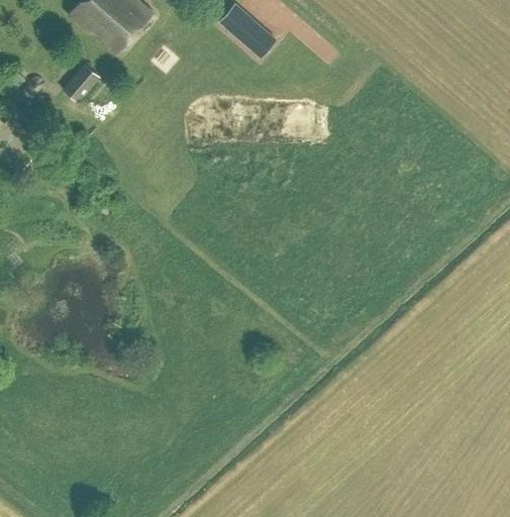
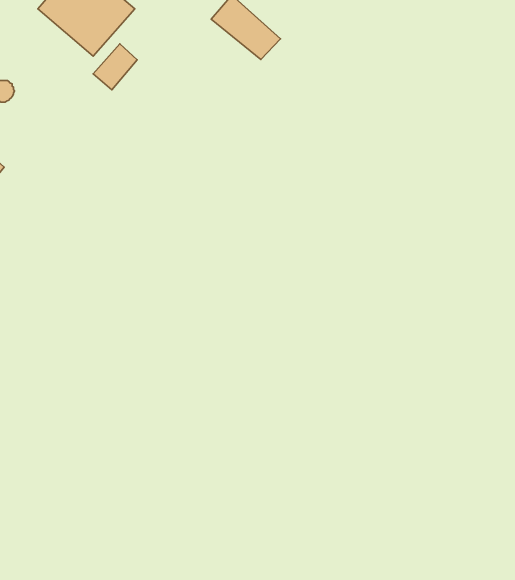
building: [64,64,102,104] -> [93,44,137,90]

